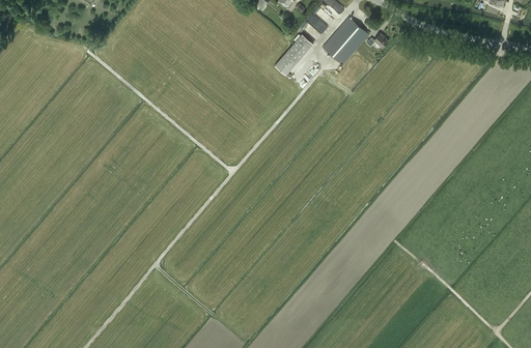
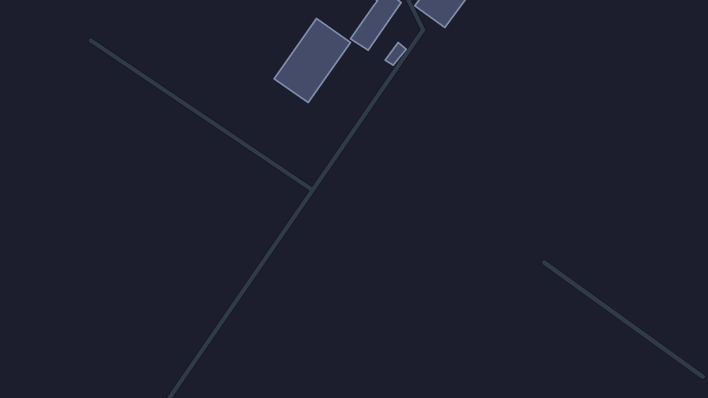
building: none -> [274,19,350,103]

